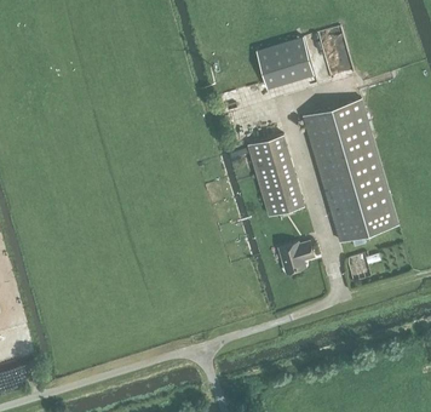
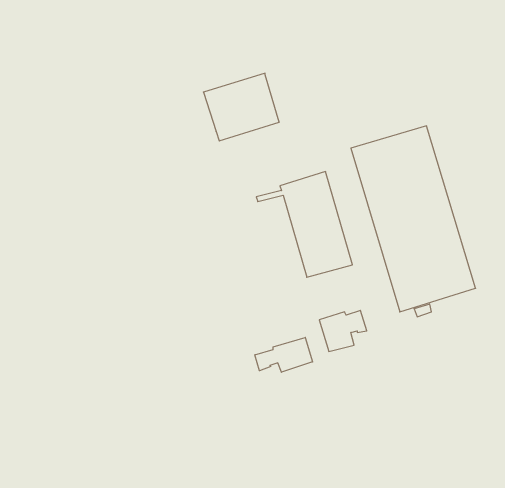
building: [255,39,314,91] -> [203,73,279,141]
building: none -> [255,337,313,372]

